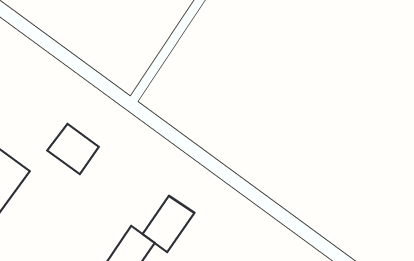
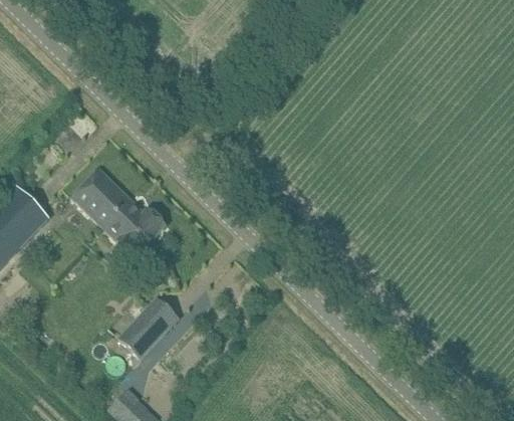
building: none -> [105,200,167,257]
building: [142,196,194,252] -> none

